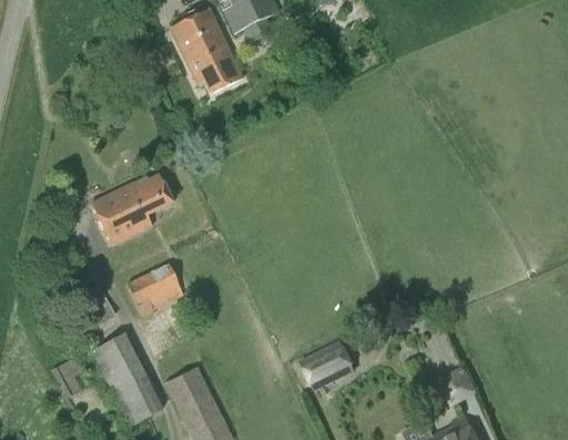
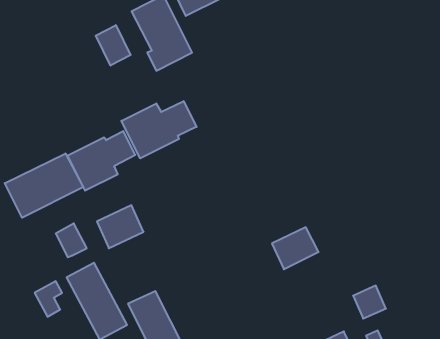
building: none -> [96,25,131,66]
building: none -> [121,101,197,158]
building: none -> [5,153,83,218]
building: [300,339,356,390] -> [272,227,319,269]

